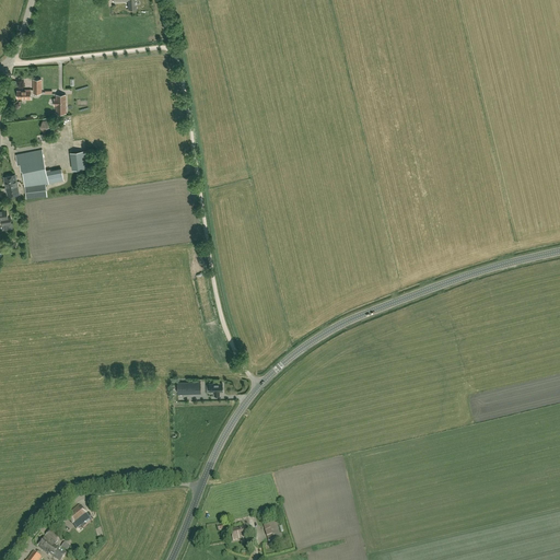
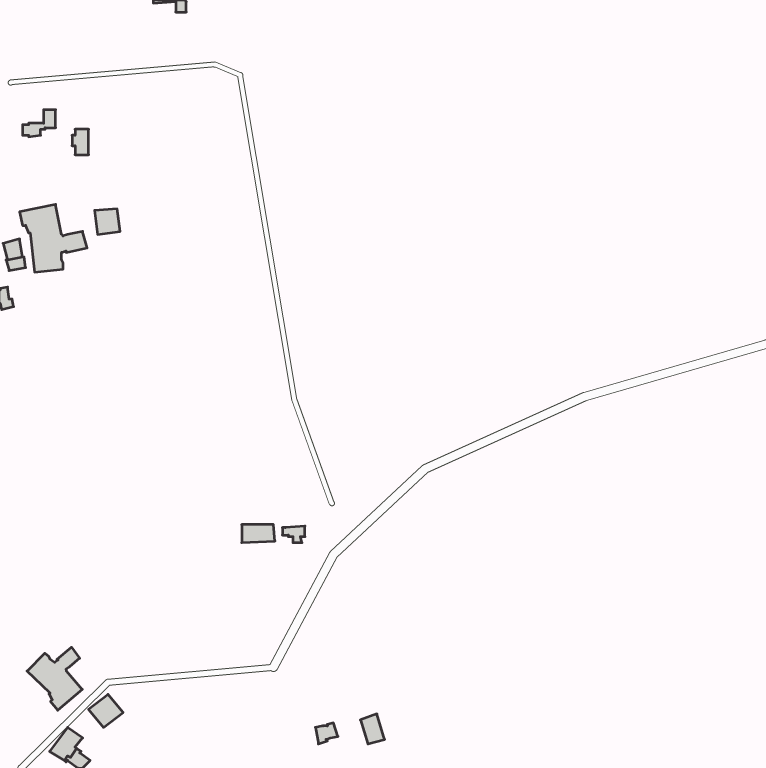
building: none -> [27,647,82,710]

